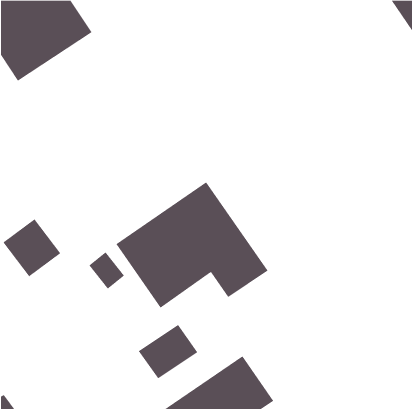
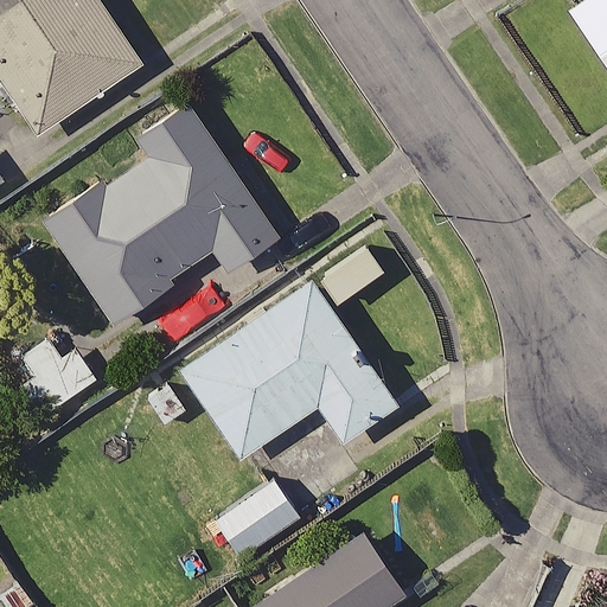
building: none -> [44,101,277,326]

